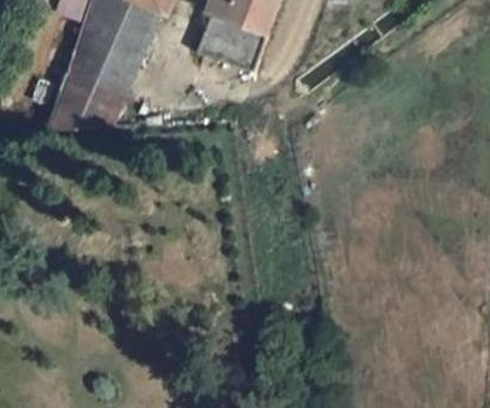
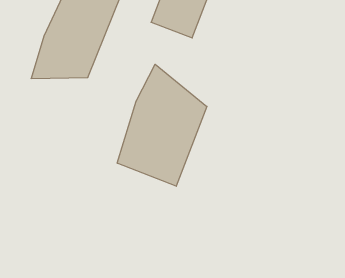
building: none -> [117,64,207,186]

